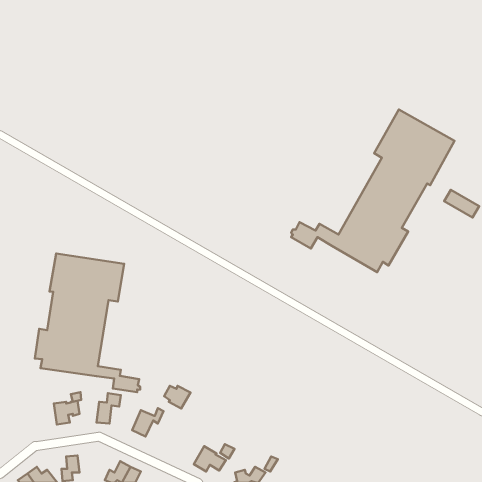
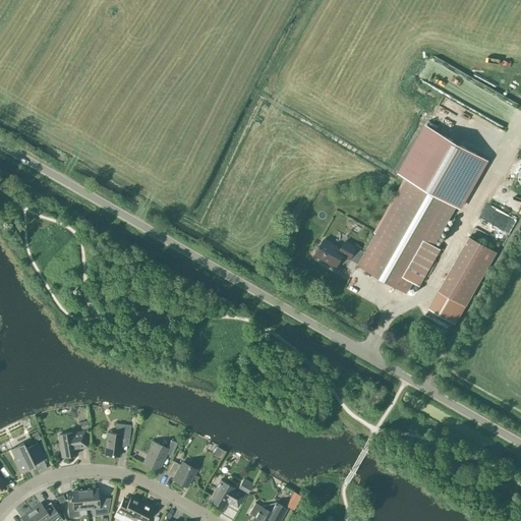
building: none -> [427,238,496,325]
building: [35,253,140,392] -> none
building: [164,386,191,409] -> [167,463,195,487]
building: none -> [9,444,42,474]
building: none -> [83,490,109,516]

